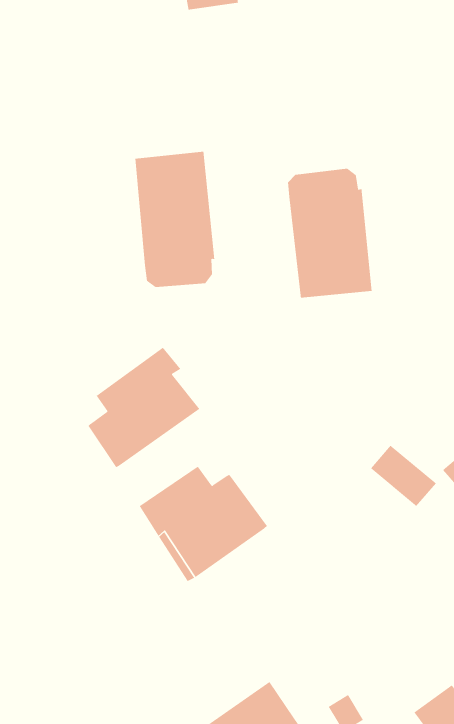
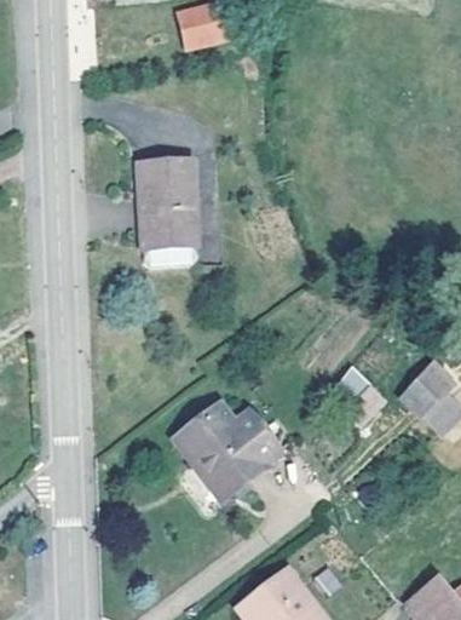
building: [288,168,372,299] -> none
building: [88,347,200,468] -> none

